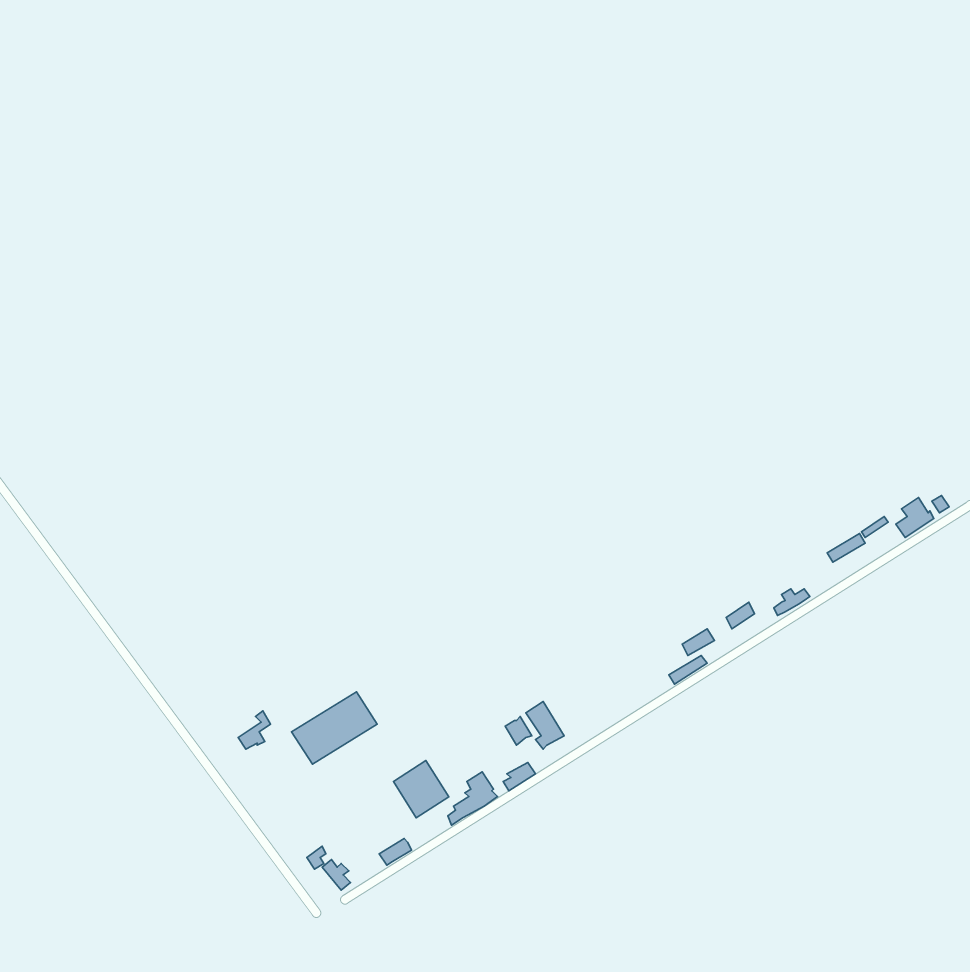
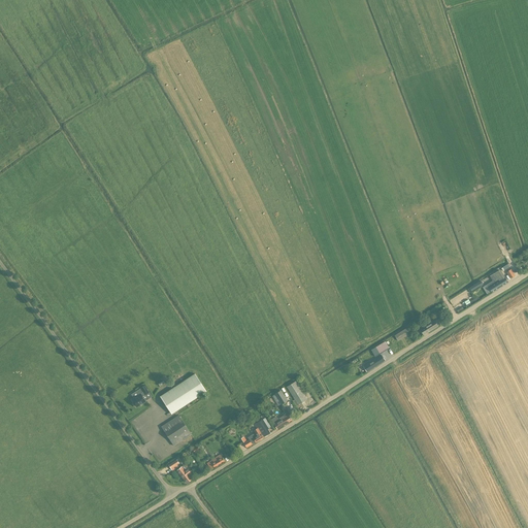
building: [393,761,449,818] -> [159,414,189,444]

